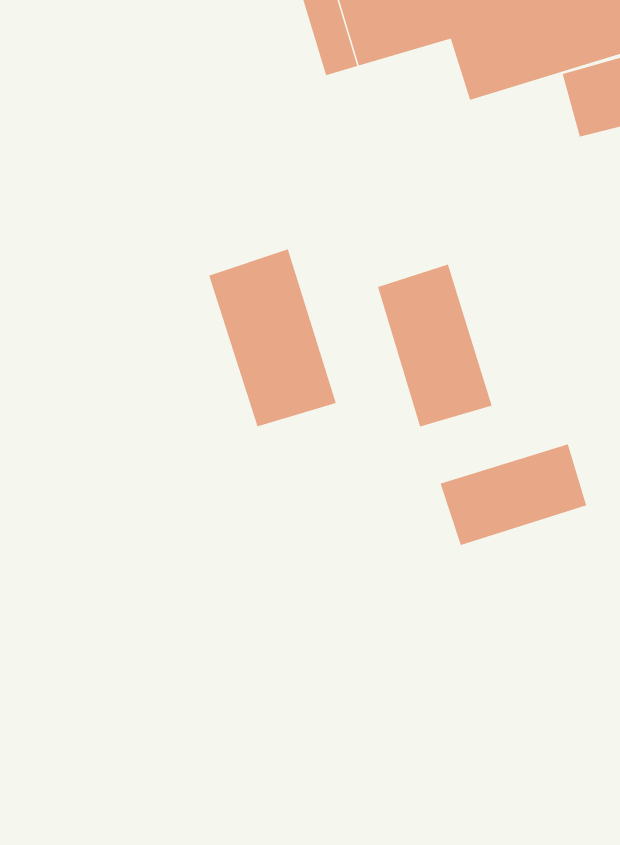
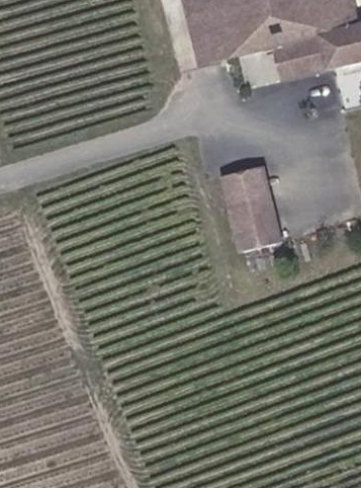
building: [208,249,336,427] -> none
building: [440,443,587,546] -> none

